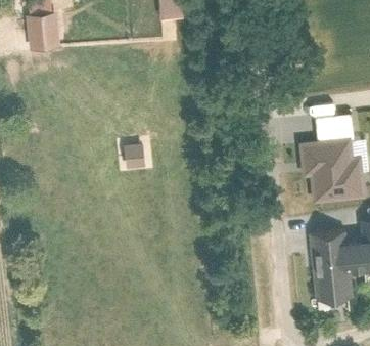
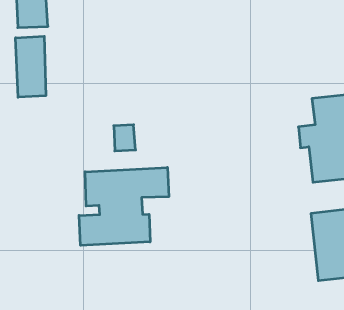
building: none -> [16,36,46,97]
building: none -> [79,167,169,245]

